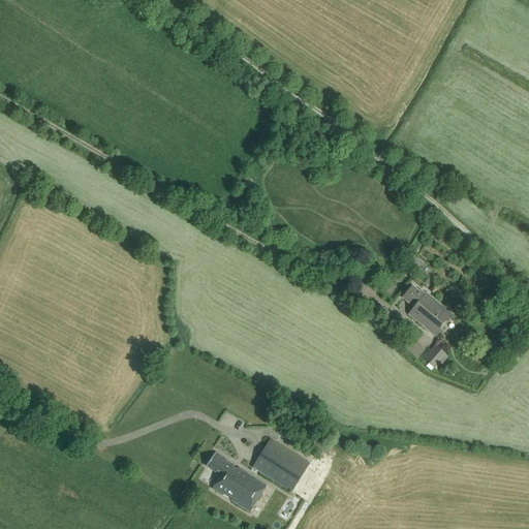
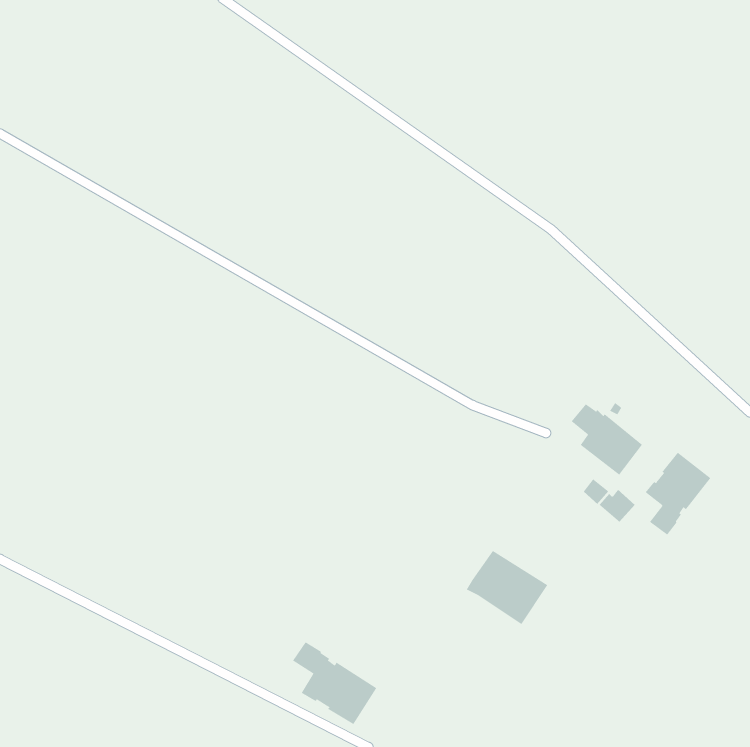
building: none -> [645,452,711,535]
building: [251,438,309,491] -> [466,550,548,625]

